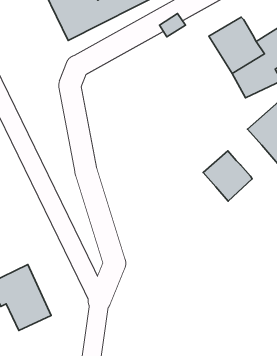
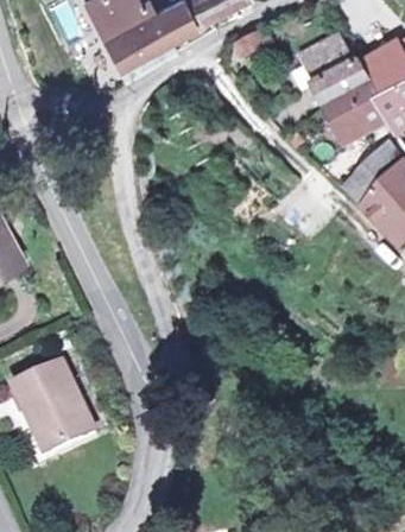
building: [203,151,252,201] -> none

